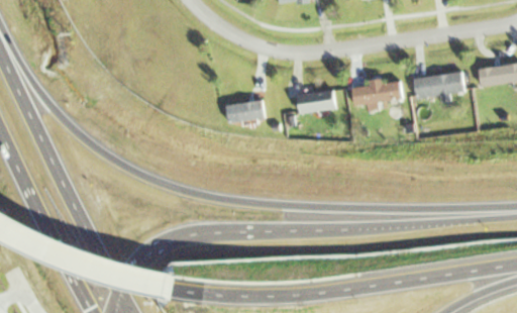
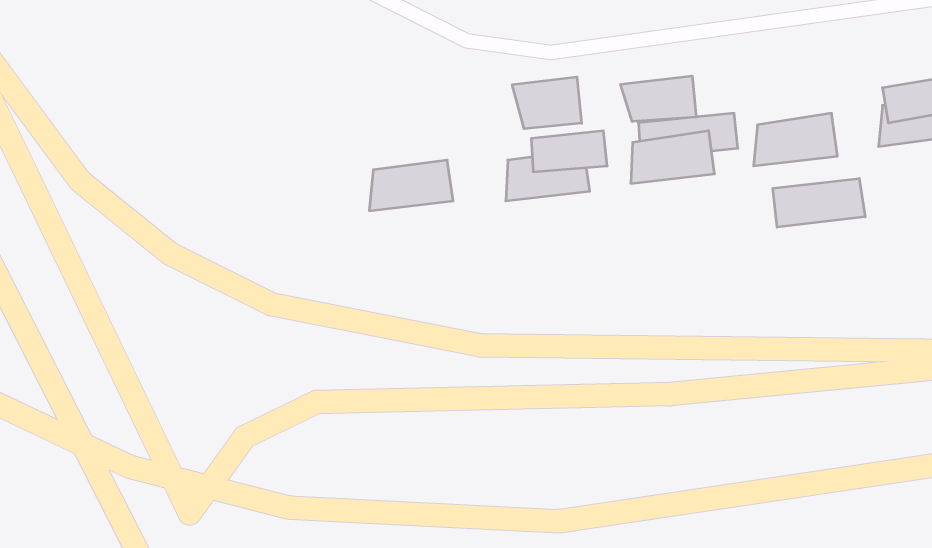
building: none -> [621,76,696,122]
building: none -> [512,77,582,129]
building: none -> [773,178,865,227]

